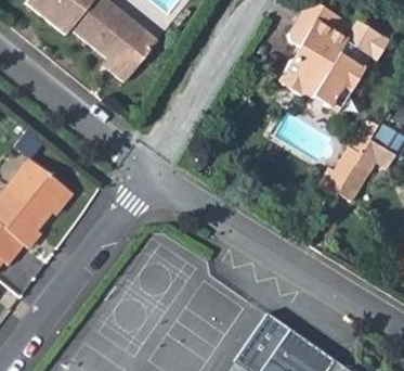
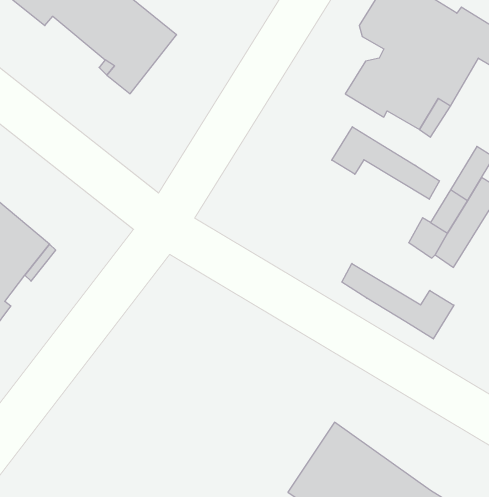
building: none -> [332,127,439,199]
building: none -> [342,263,454,339]

